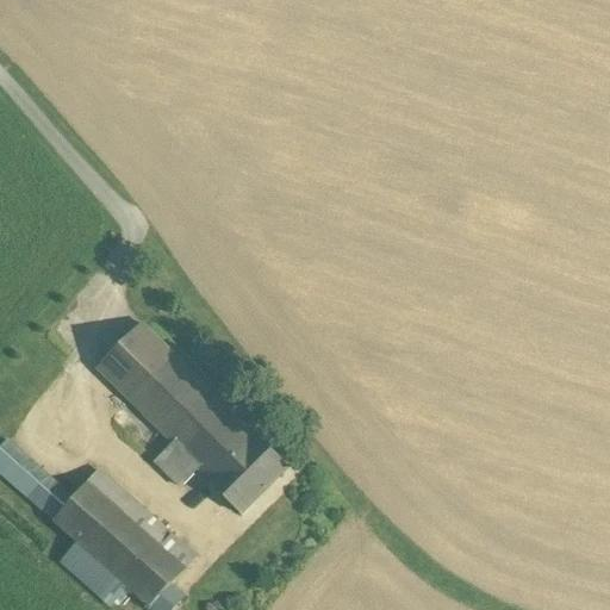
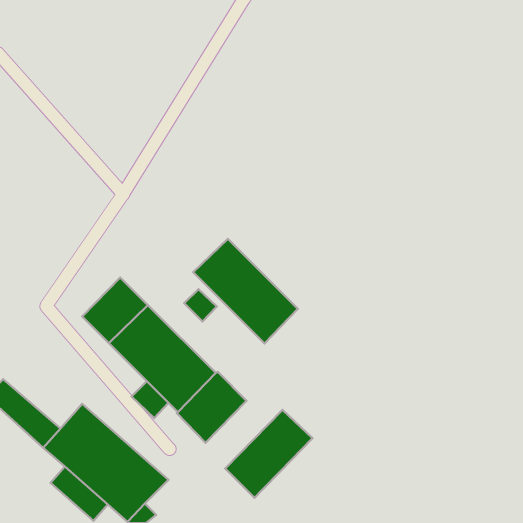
building: none -> [193,239,298,343]
building: none -> [184,289,217,321]
building: none -> [225,410,313,498]

